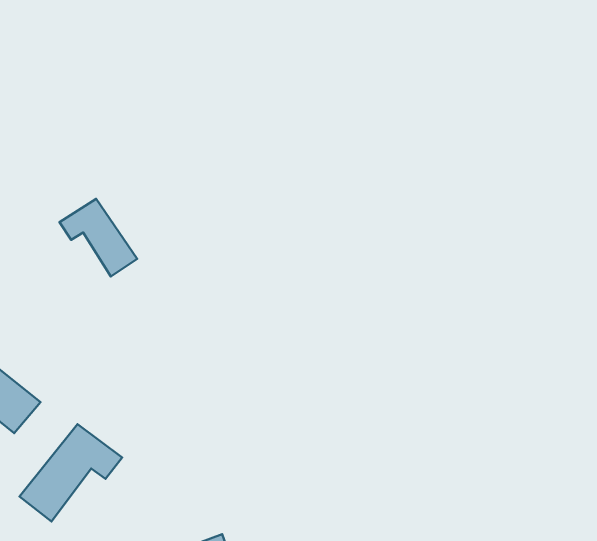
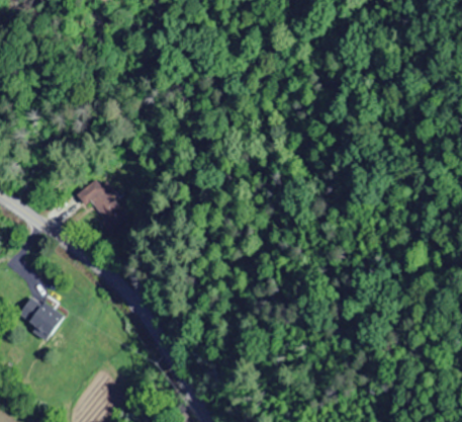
building: [20,424,122,522] -> none

